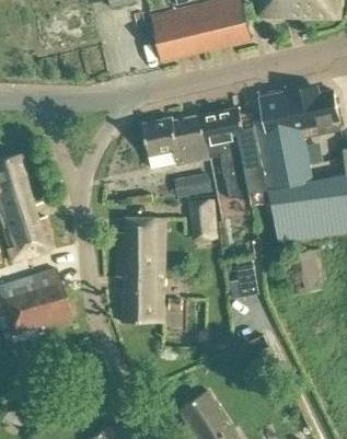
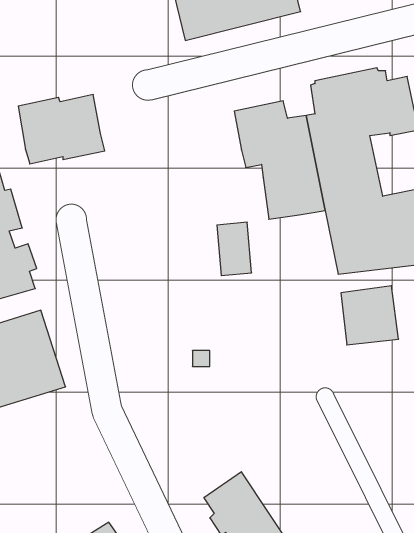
building: [143,115,209,167] -> [18,95,105,164]
building: [174,172,210,196] -> none
building: [116,217,167,322] -> none

